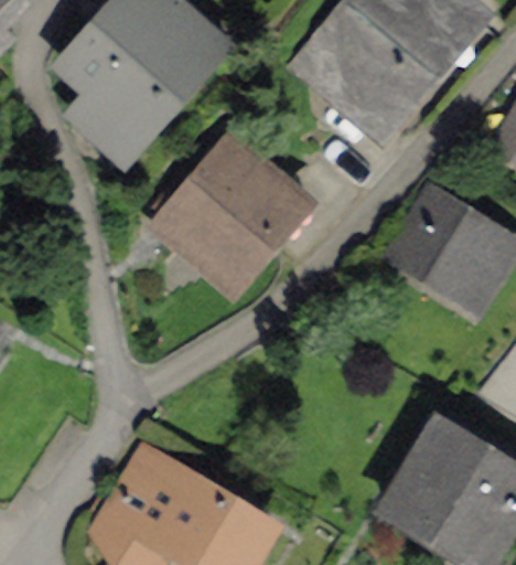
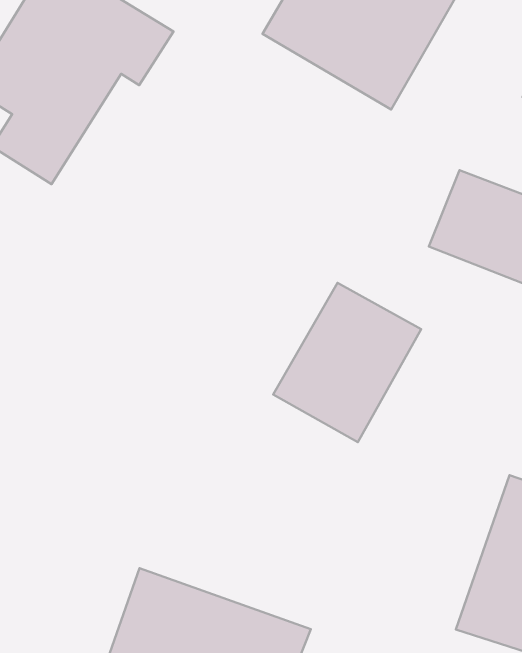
building: [157,126,311,282] -> none
building: none -> [273,283,421,442]

